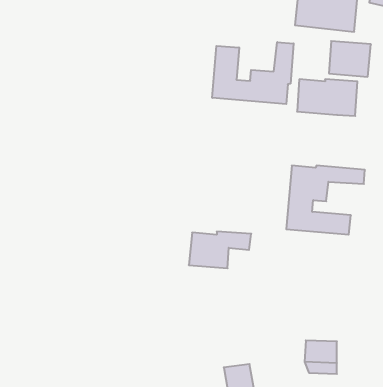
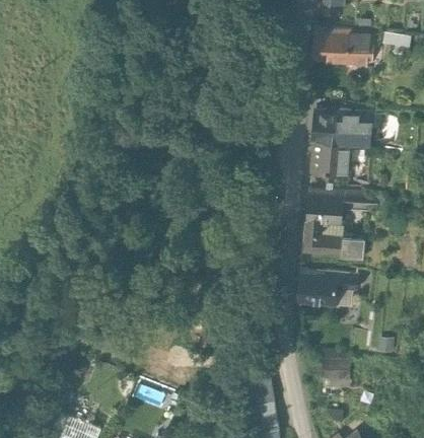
building: [329,41,371,77] -> [311,142,351,175]
building: [212,42,294,104] -> none
building: [189,232,251,268] -> [298,273,357,307]

